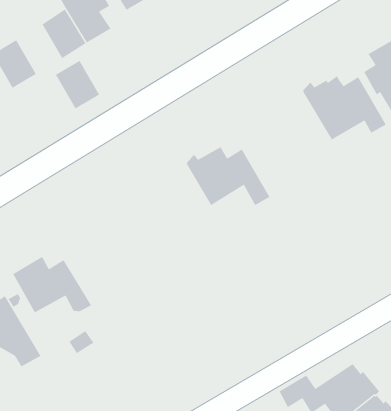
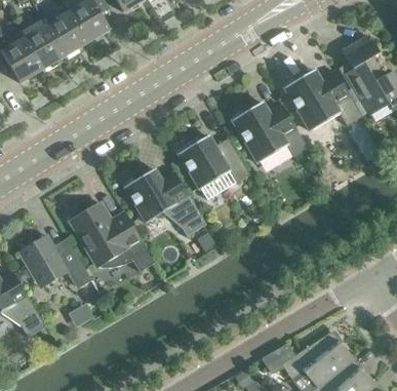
building: [55,60,100,109] -> [23,25,64,70]
building: none -> [230,104,307,163]
building: none -> [122,168,205,236]
building: none -> [69,202,154,272]

